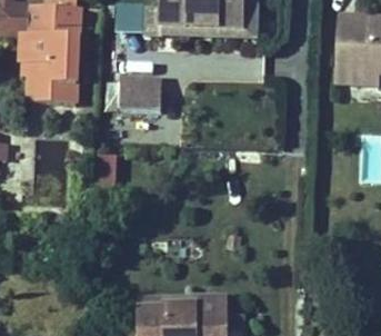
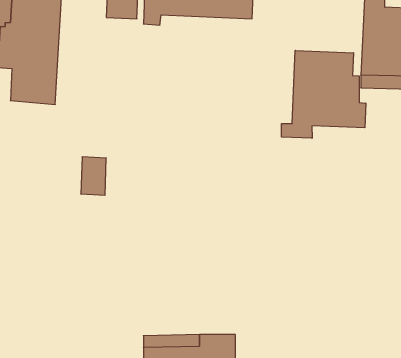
building: none -> [282,50,366,138]
building: [124,80,167,112] -> none

